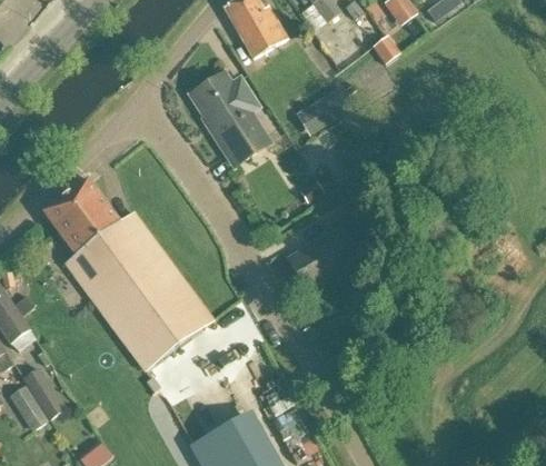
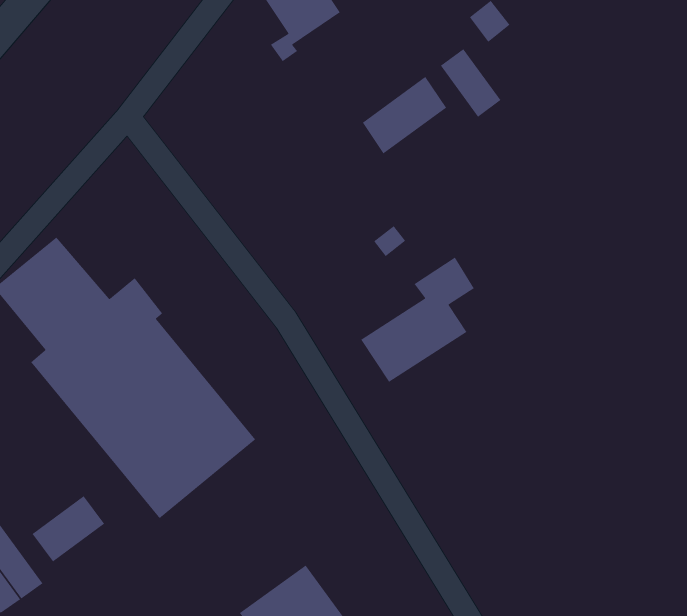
building: none -> [440,48,501,118]
building: [188,69,272,168] -> none
building: none -> [31,495,105,562]

